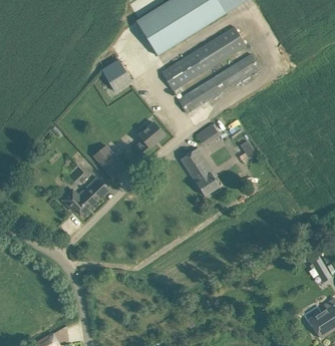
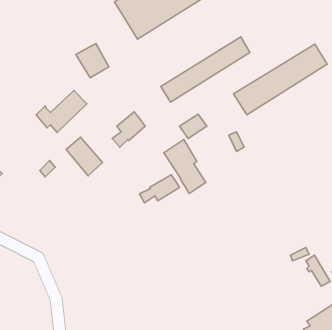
building: [160,26,246,90] -> [234,44,327,115]
building: [63,177,109,215] -> [36,91,87,132]
building: none -> [140,175,180,203]

